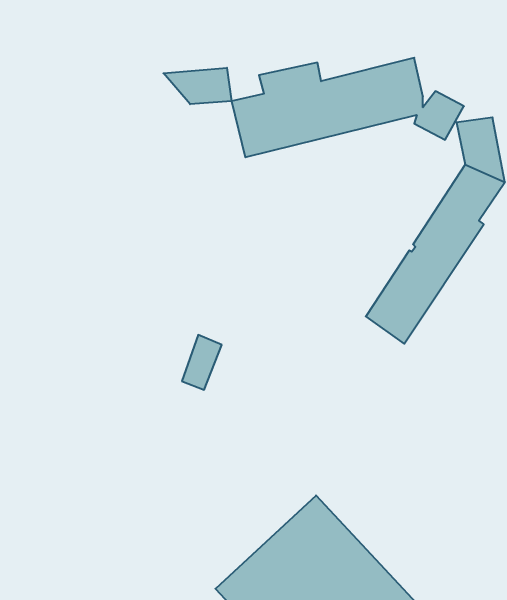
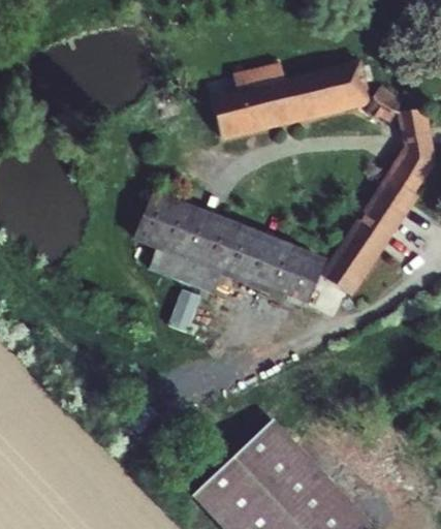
building: [163,68,232,104] -> none
building: none -> [132,189,325,307]

